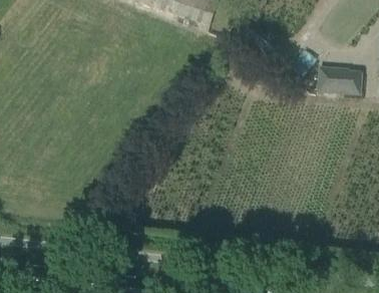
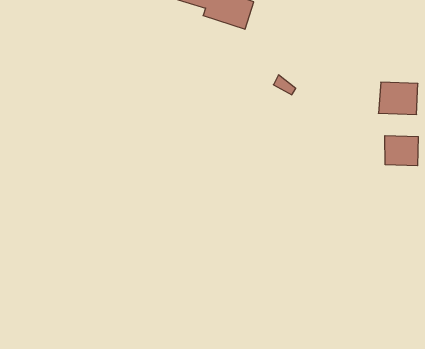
building: none -> [385,136,418,166]

